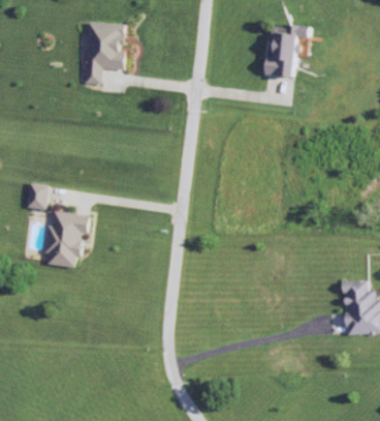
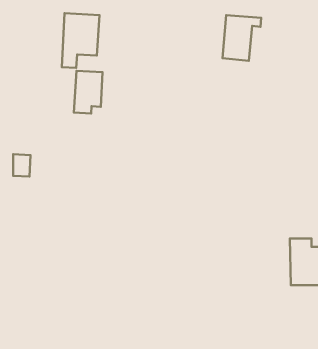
building: none -> [74,71,103,114]
building: [42,210,90,268] -> none

